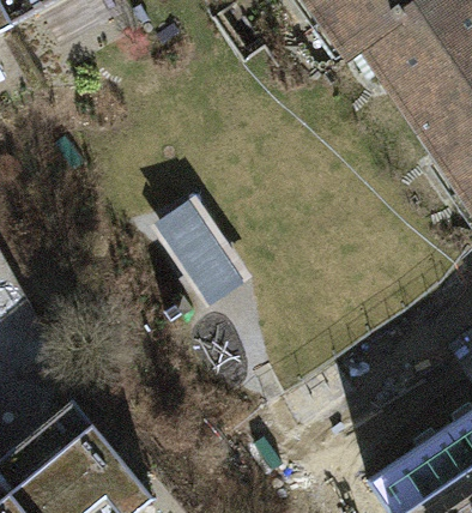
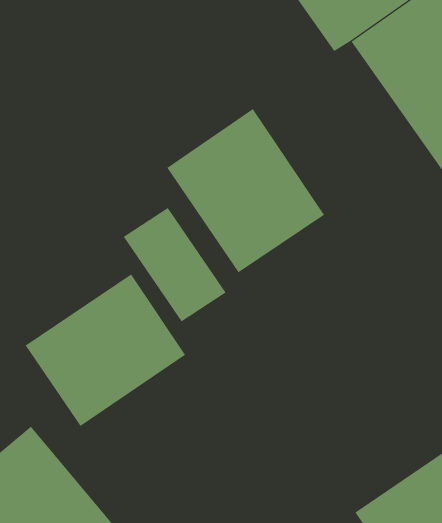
building: none -> [166,108,325,273]
building: none -> [25,274,186,427]

